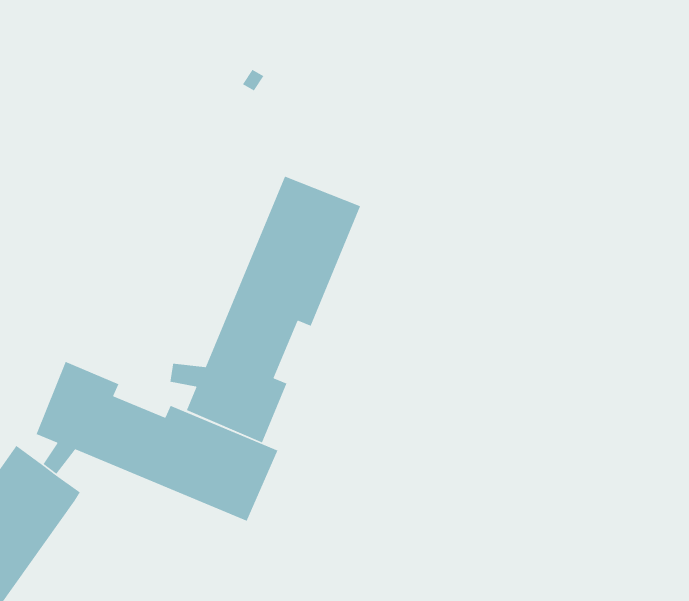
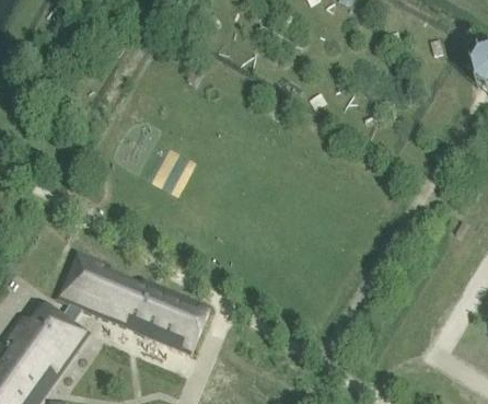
building: [169,176,361,444] -> none

